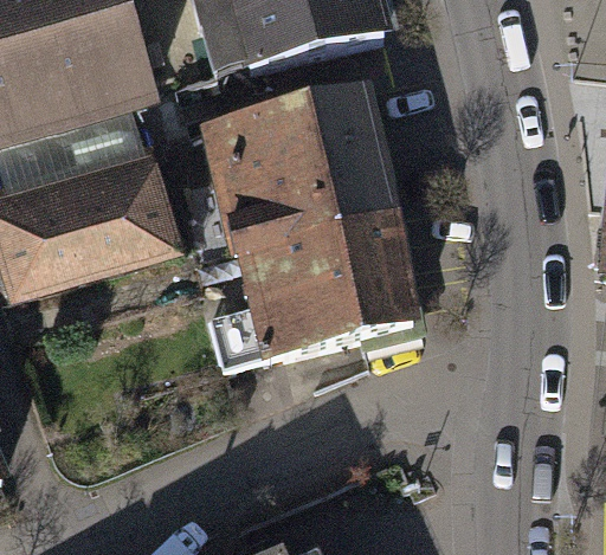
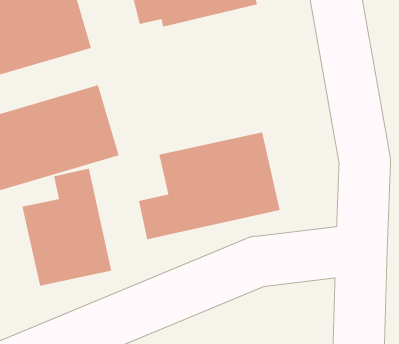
building: [206,91,387,247] -> none
building: none -> [22,168,112,287]

